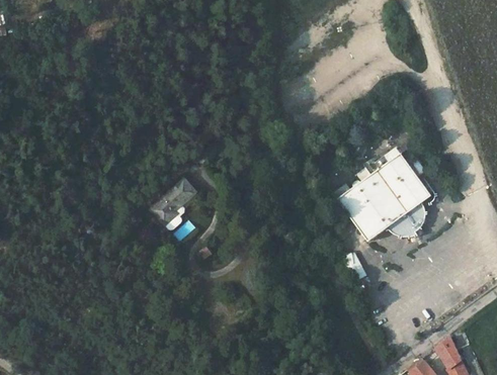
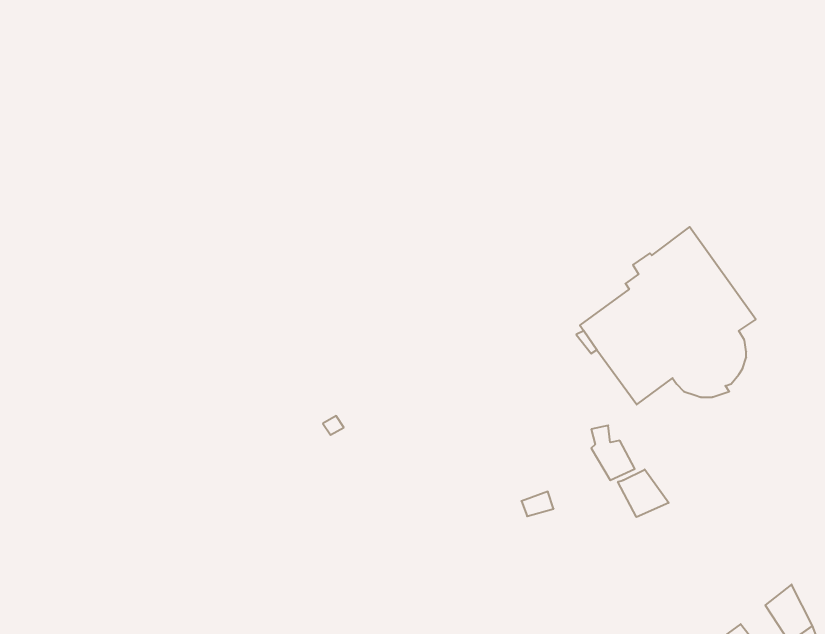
building: [150,179,195,229] -> none
building: none -> [618,469,669,517]

